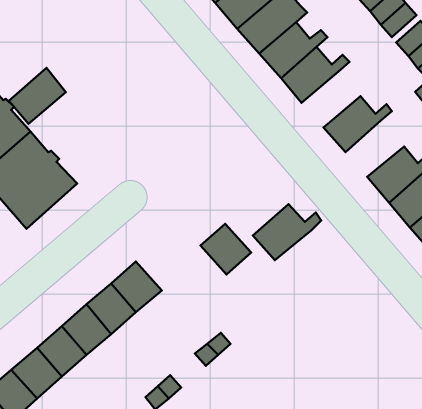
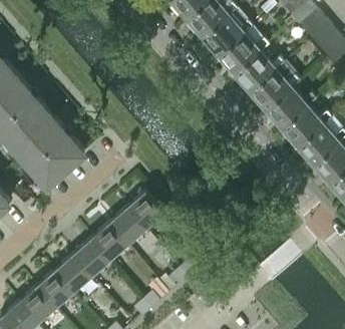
building: [9,68,66,124] -> none
building: none -> [249,68,300,109]
building: [253,204,321,260] -> [281,104,331,145]
building: [201,224,251,274] -> [127,192,164,229]

